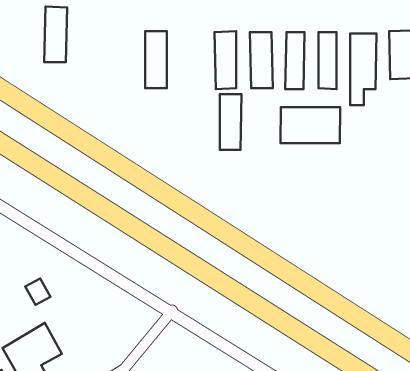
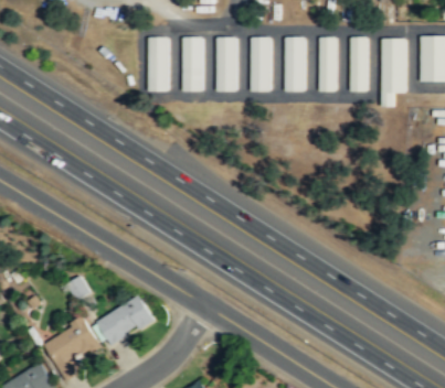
building: [44,6,67,62] -> [146,36,168,90]
building: [220,94,242,150] -> [215,37,236,91]
building: [280,107,340,143] -> none
building: none -> [96,295,153,346]

